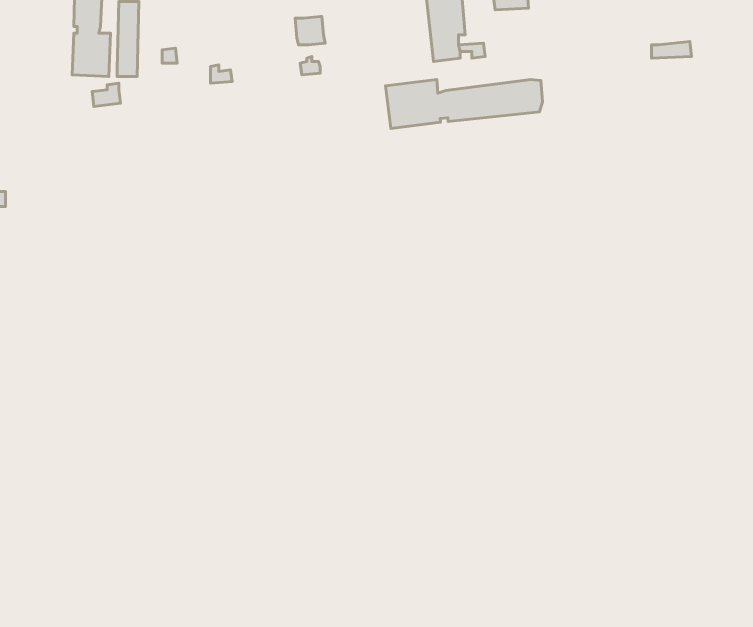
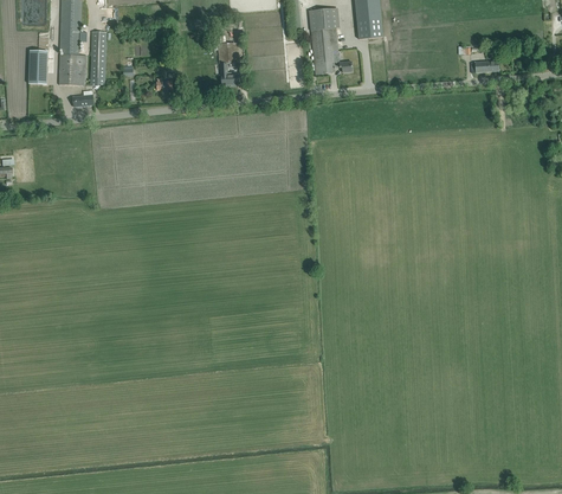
building: none -> [27,49,46,83]
building: [385,79,543,128] -> none

